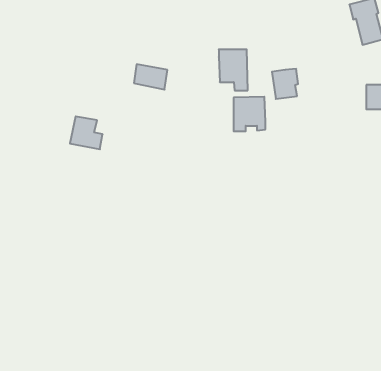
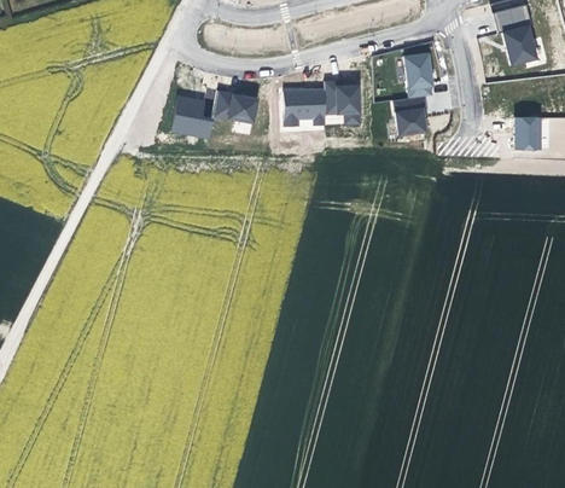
building: none -> [404,53,432,98]
building: [234,97,265,131] -> [285,81,326,126]
building: [70,116,103,149] -> [171,95,214,138]

